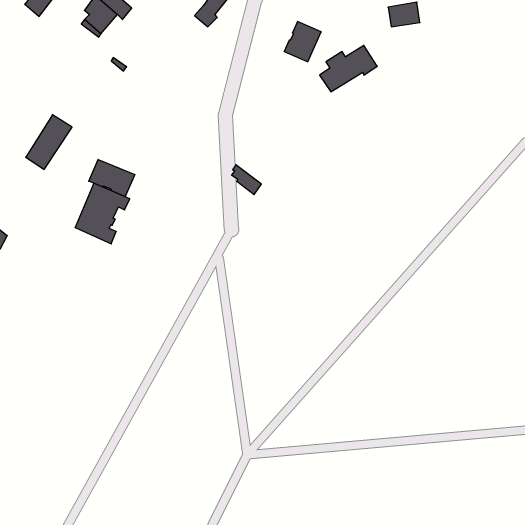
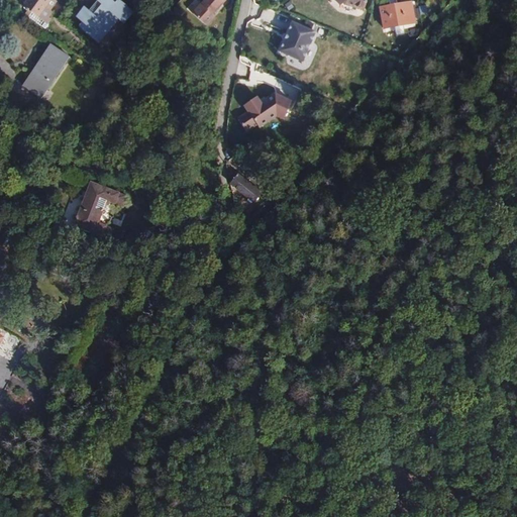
building: [320,45,377,92] -> [237,89,294,134]
building: [26,115,72,169] -> [21,44,67,98]
building: [89,159,135,196] -> none

